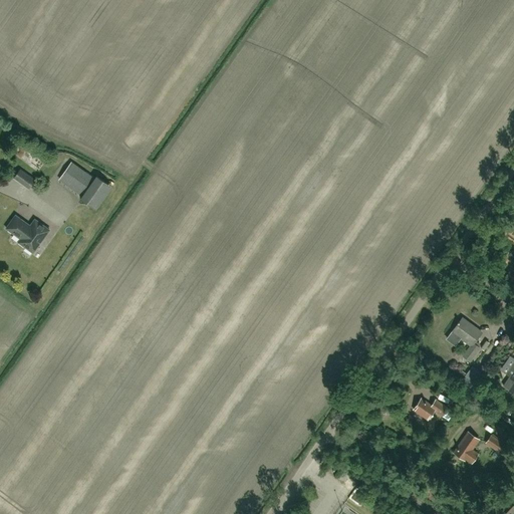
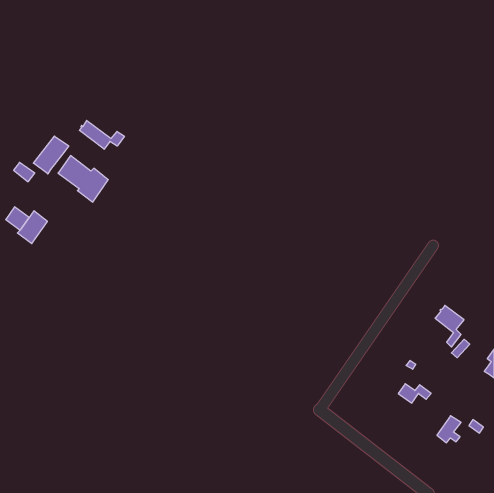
building: none -> [79,120,124,149]
building: none -> [33,136,69,174]

